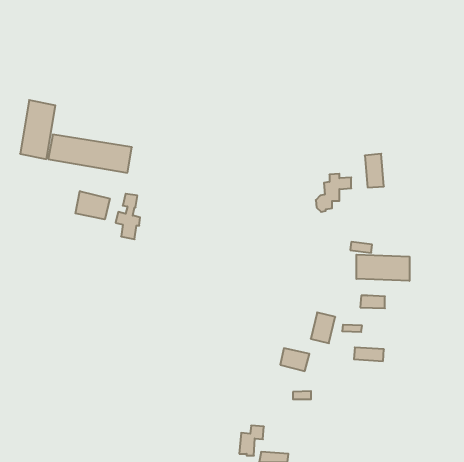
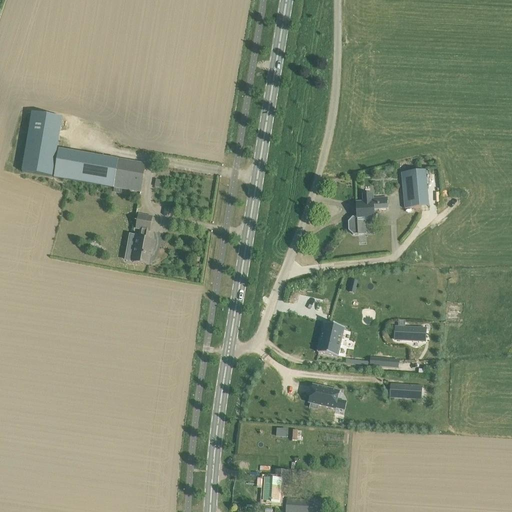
building: [75,191,110,219] -> none
building: [356,255,409,281] -> none
building: [311,312,335,343] -> [317,321,344,355]

